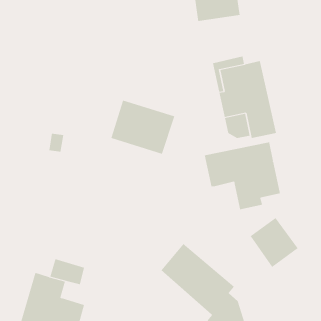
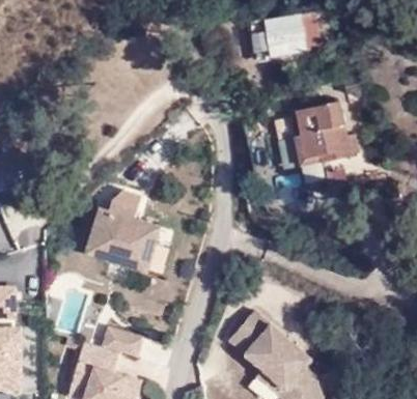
building: [111,100,175,154] -> [85,209,159,272]
building: [204,141,280,210] -> none
building: [250,217,298,268] -> none

